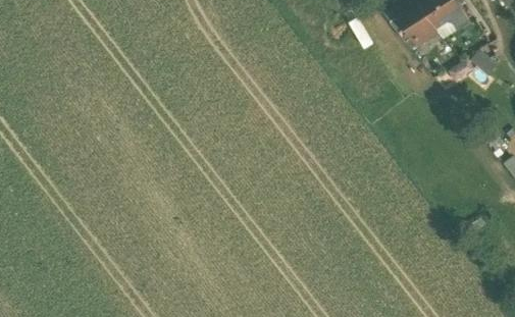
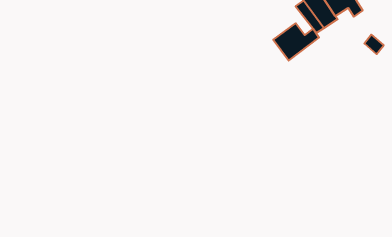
building: none -> [273,23,319,61]

